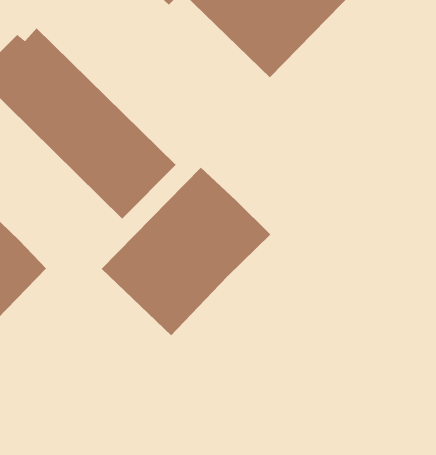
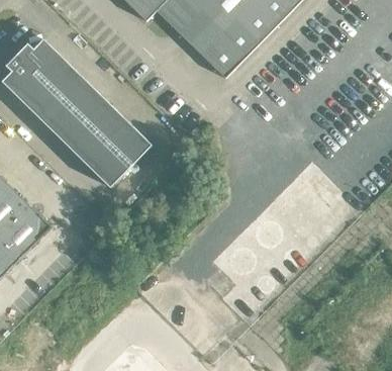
building: [101,167,271,336] -> none

